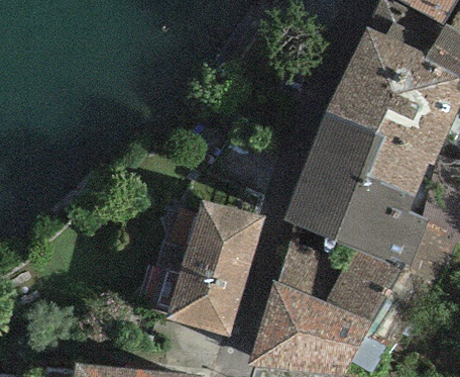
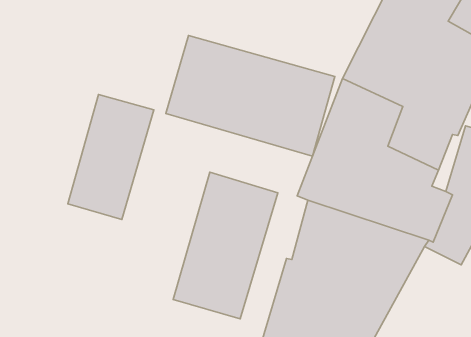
building: none -> [166,35,335,156]
building: none -> [68,95,154,220]

